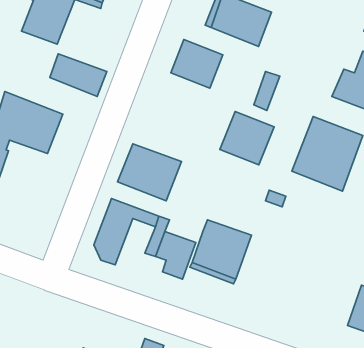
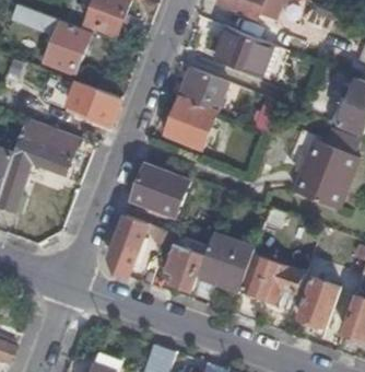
building: [220,111,274,165] -> [165,100,215,149]
building: none -> [242,256,302,301]
building: none -> [297,277,340,326]

